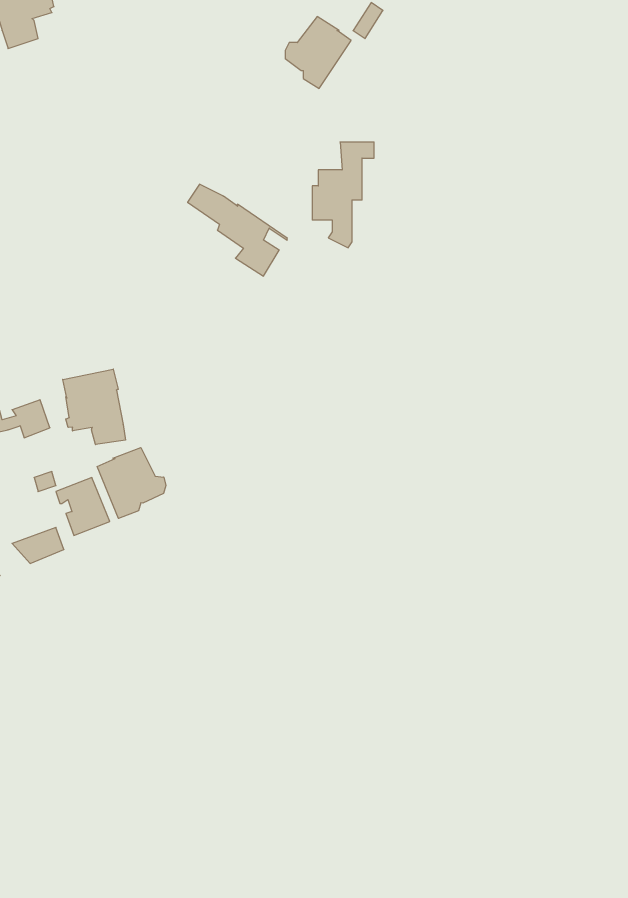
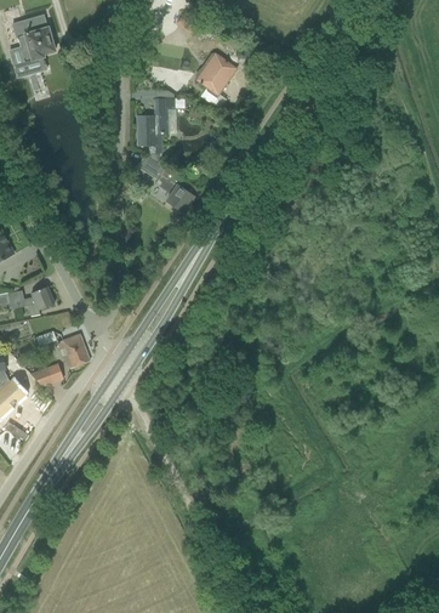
building: [312,142,374,248] -> [137,98,175,163]
building: [63,369,125,445] -> none
building: [97,448,166,518] -> none

